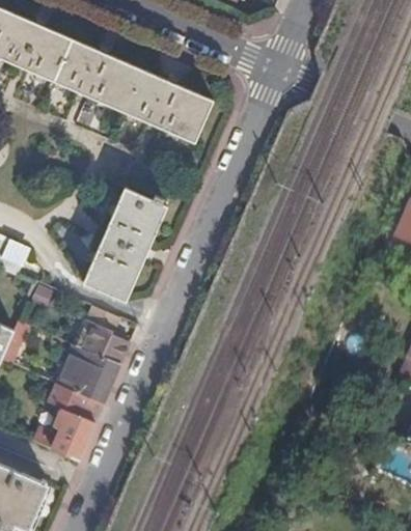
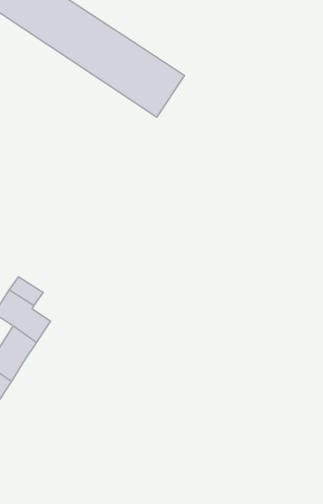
building: [83,189,165,302] -> none

